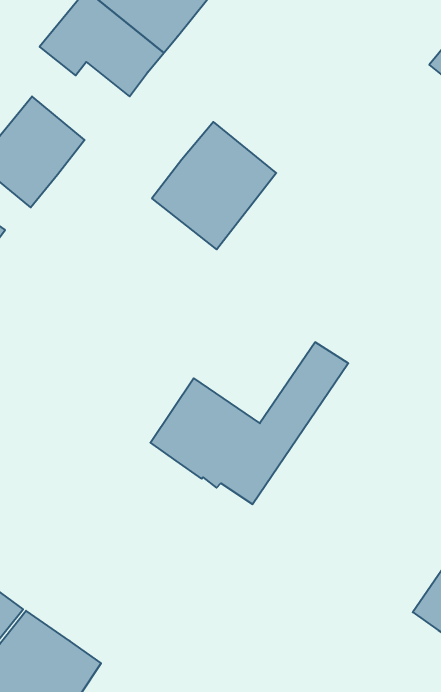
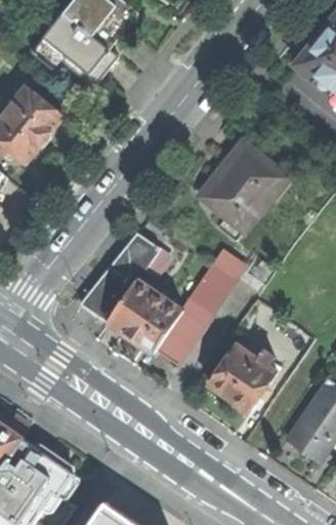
building: [152,122,276,249] -> [201,143,286,230]
building: none -> [80,232,159,322]
building: none -> [208,342,277,411]

